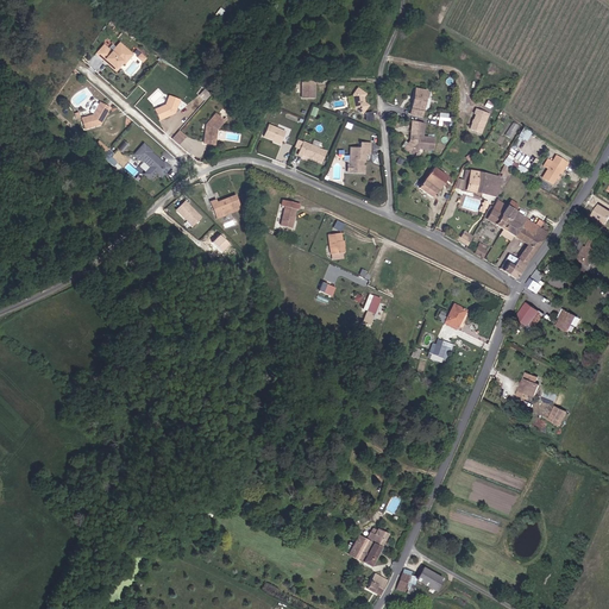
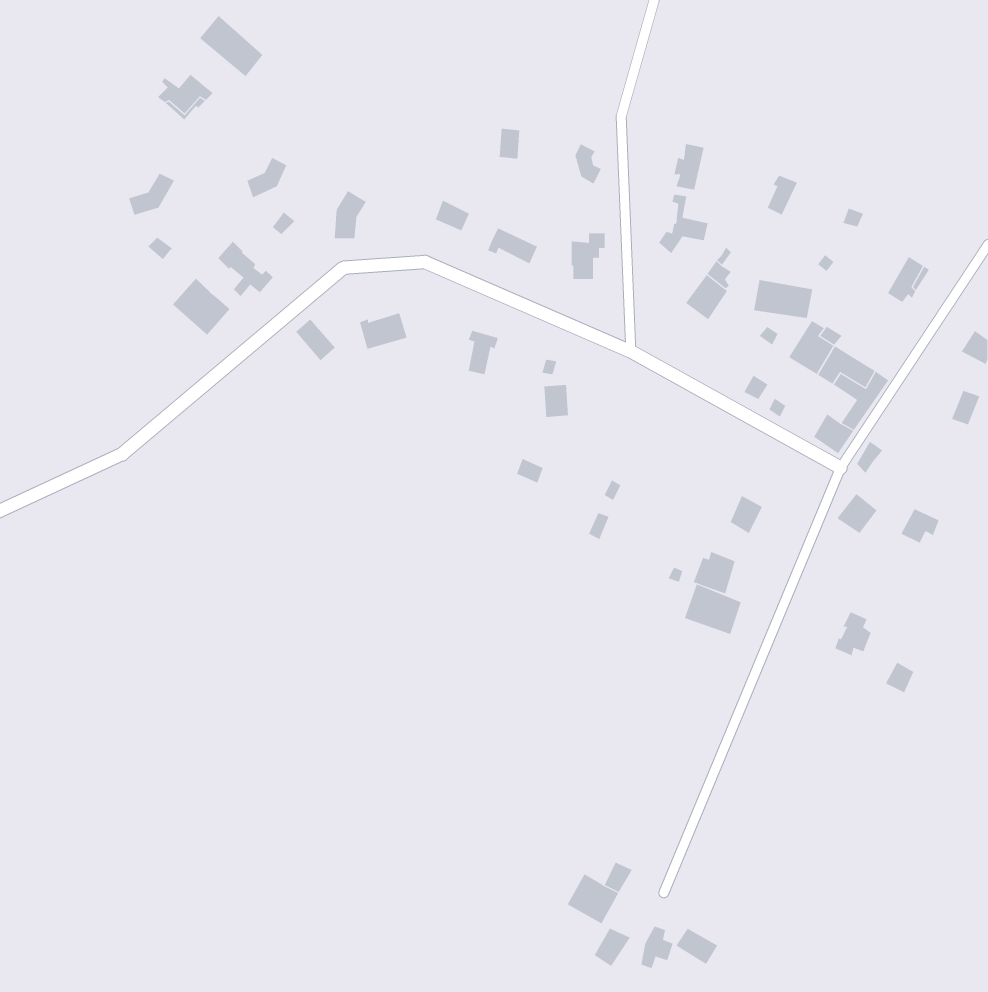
building: none -> [199,15,263,77]
building: none -> [172,278,231,336]
building: none -> [684,584,741,635]

